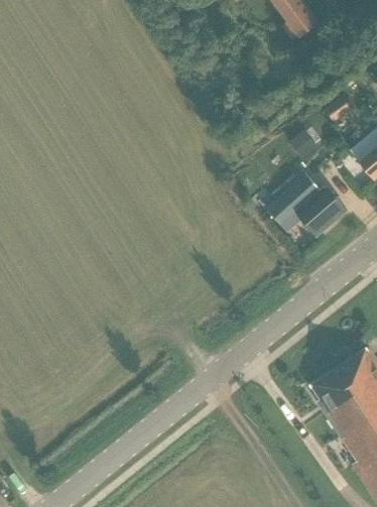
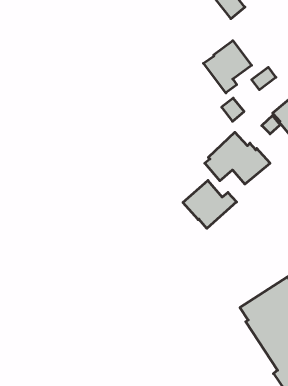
building: none -> [203,41,252,93]
building: none -> [183,180,237,228]

